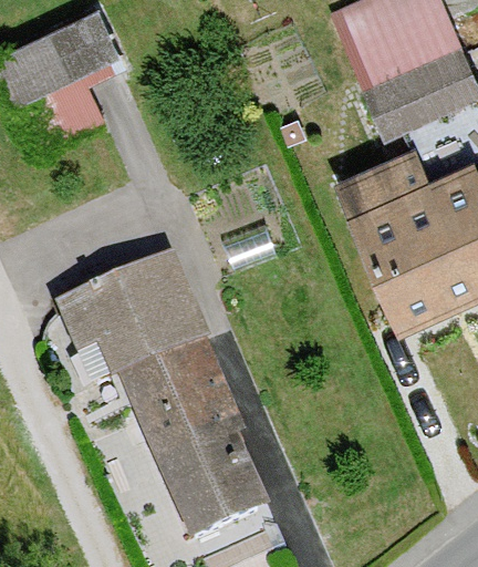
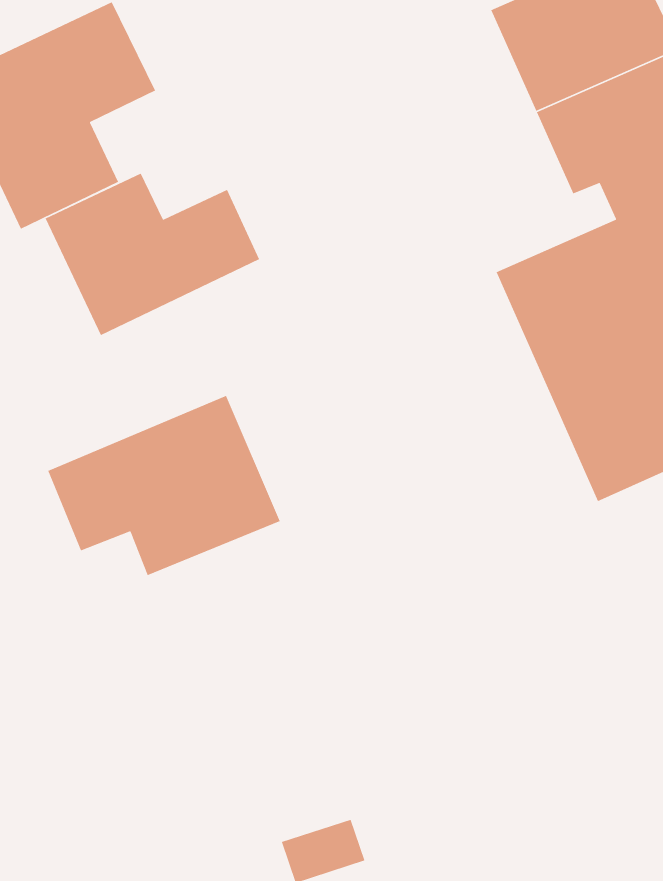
building: none -> [44,173,260,336]
building: [121,338,274,542] -> none

